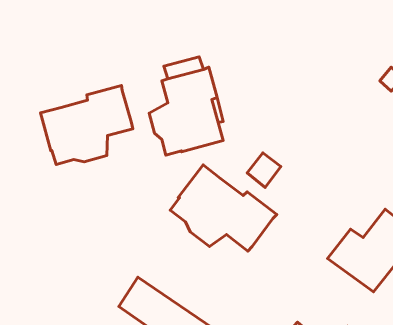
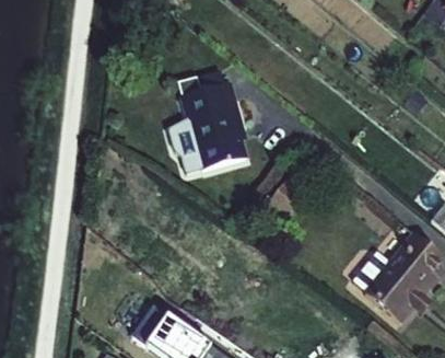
building: [40,85,133,165] -> none
building: [170,165,277,251] -> none

